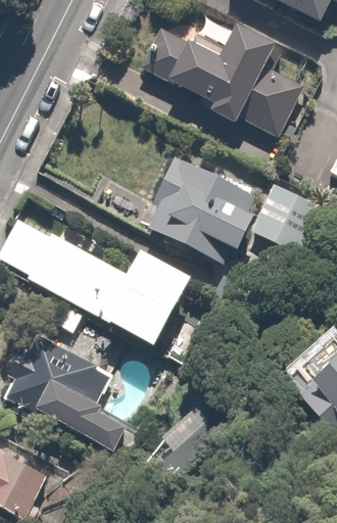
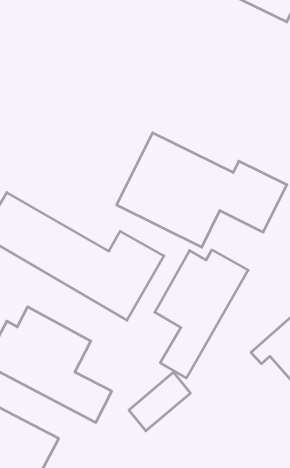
building: [135,22,307,138] -> none
building: none -> [155,250,248,378]

